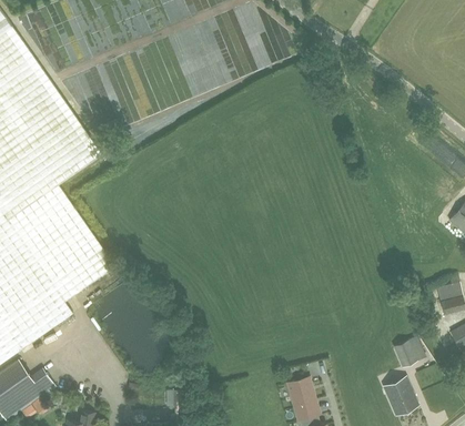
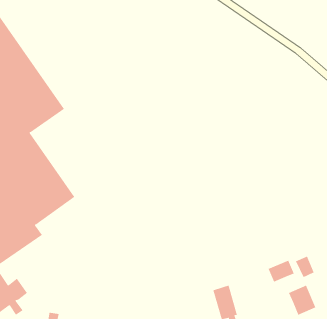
building: none -> [268,260,294,283]

